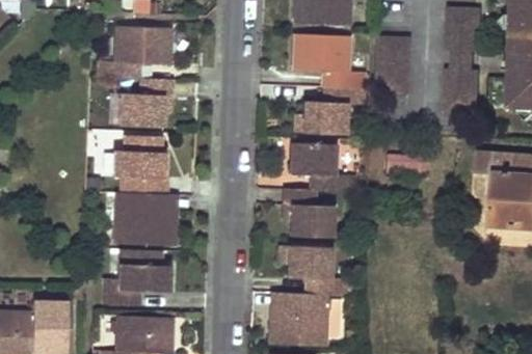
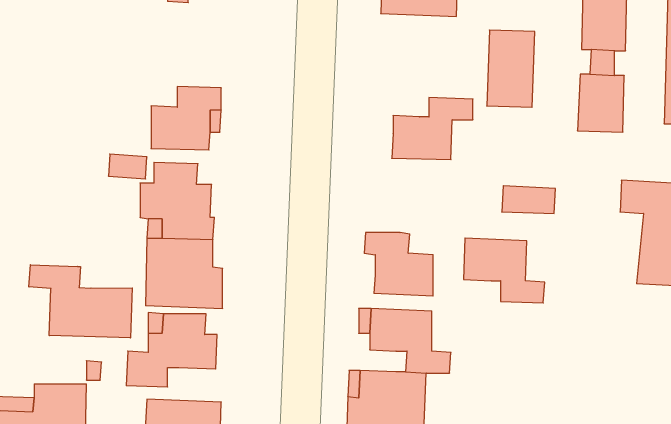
building: [98,27,170,79] -> none
building: [292,34,365,88] -> none
building: [289,142,350,191] -> [464,238,545,303]
building: none -> [29,265,132,338]

